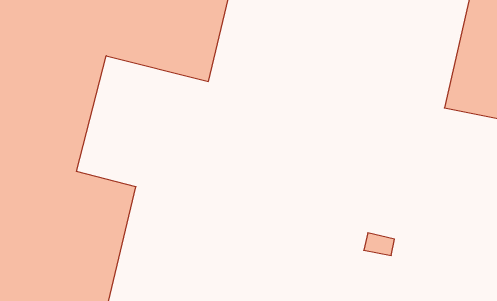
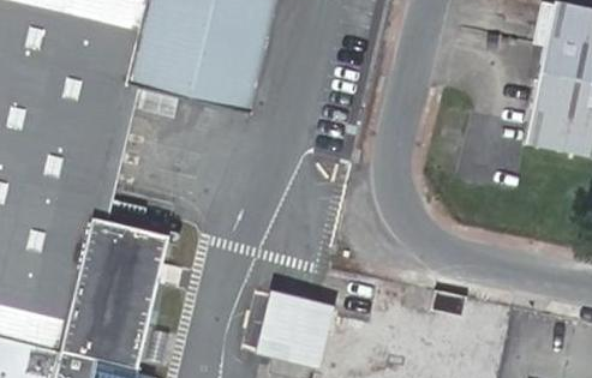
building: none -> [251,287,331,366]

